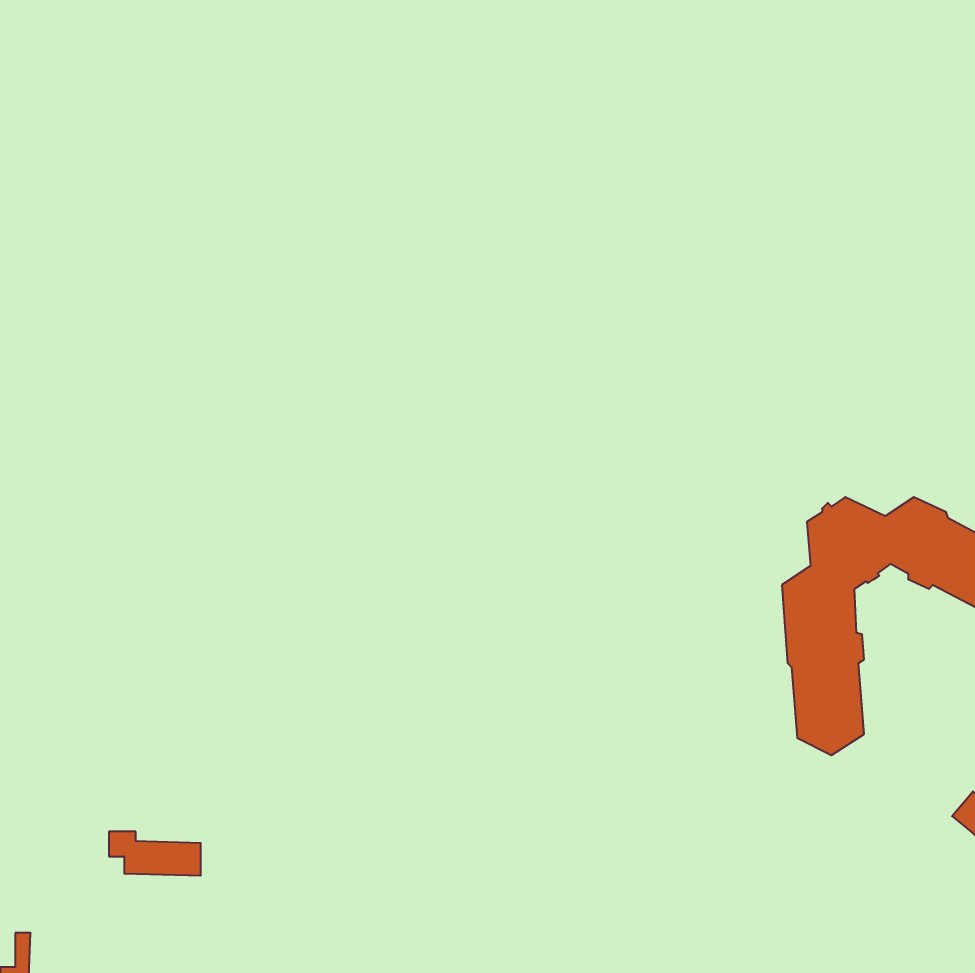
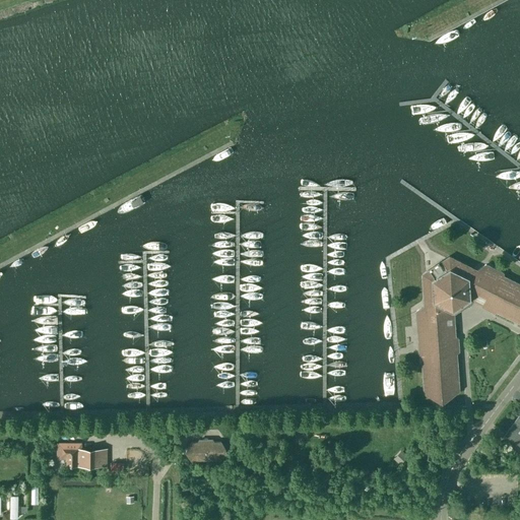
building: none -> [187,441,226,461]

